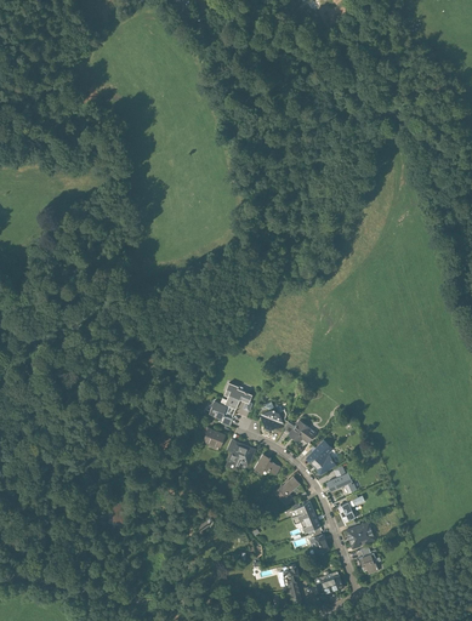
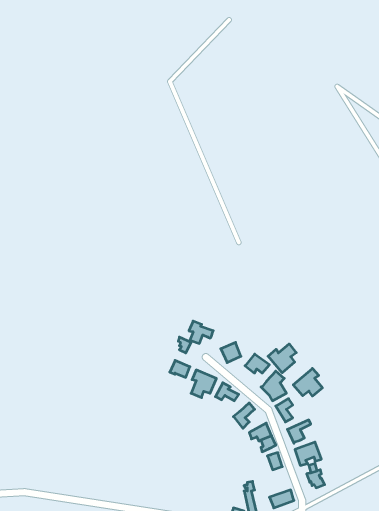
building: none -> [268,344,296,373]
building: none -> [293,368,322,396]

